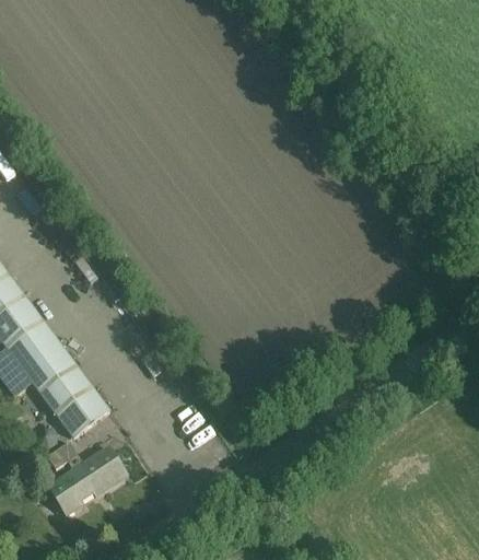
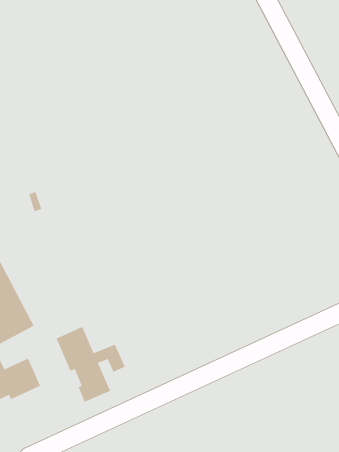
building: none -> [56,326,126,402]

